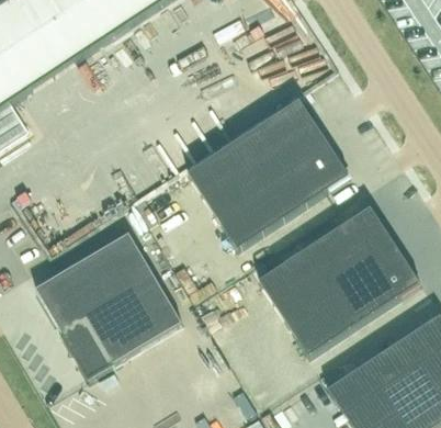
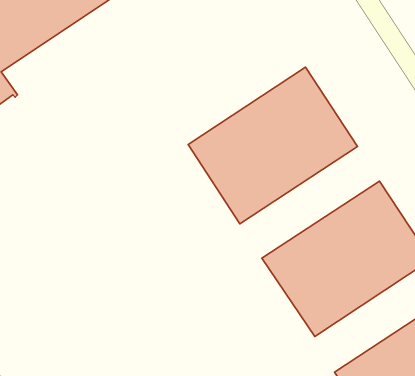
building: [36,234,182,378] -> none

